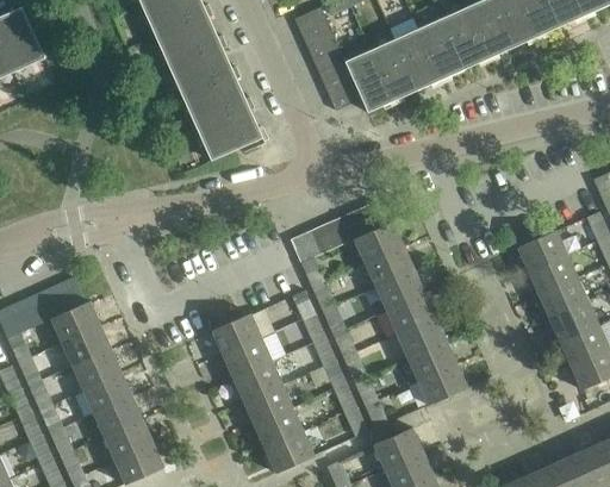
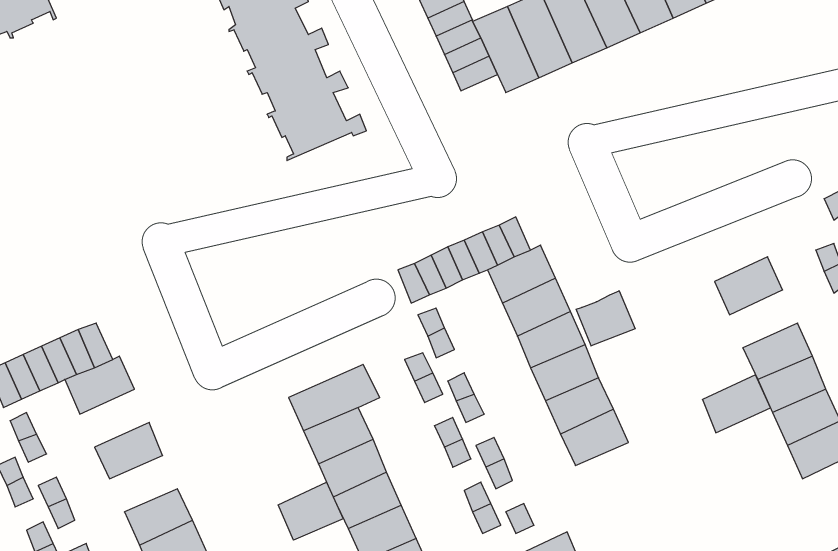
building: [528,254,577,295] -> [702,375,770,433]
building: none -> [576,291,635,346]
building: [61,325,111,367] -> none
building: [417,363,466,405] -> none
building: [82,373,131,413] -> none
building: none -> [278,482,343,540]

